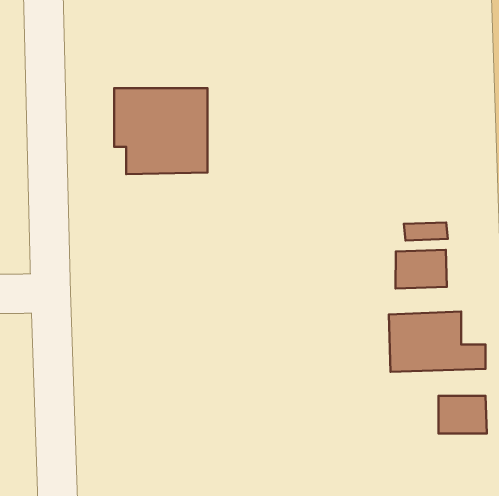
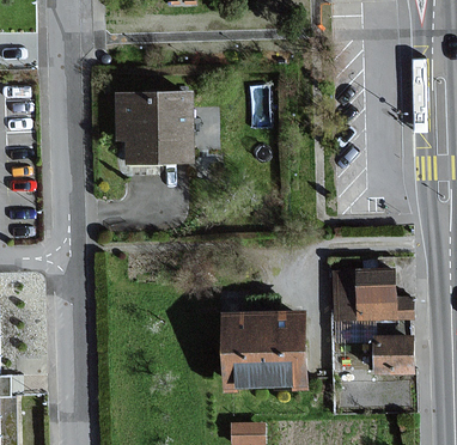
building: [395,250,447,288] -> none
building: none -> [224,313,301,386]

